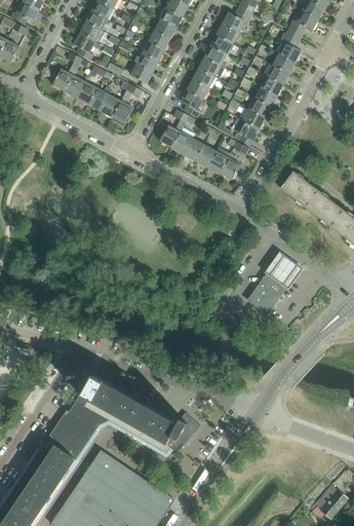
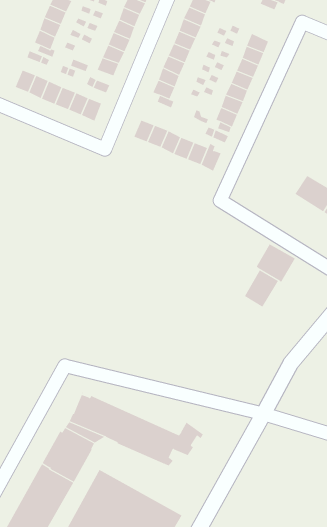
building: [274,32,300,63] -> none
building: [280,172,318,208] -> none

